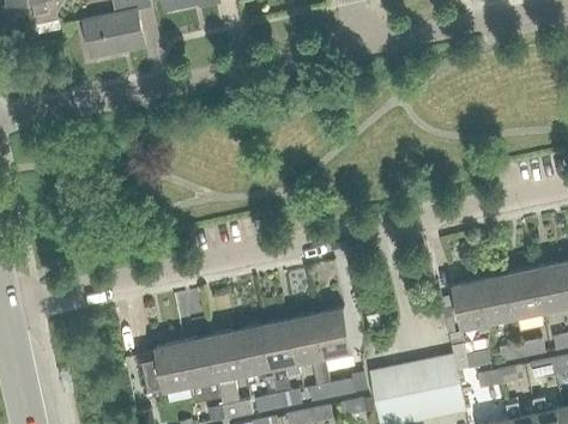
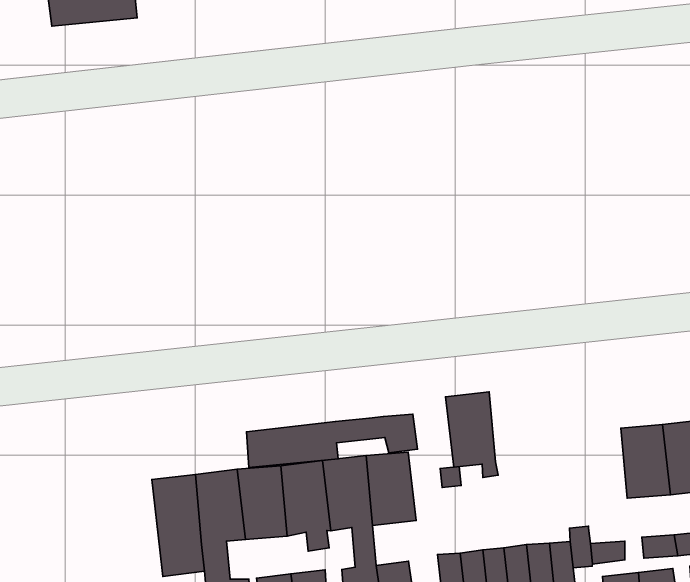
building: [451,279,489,334] -> [446,392,498,477]
building: none -> [247,414,417,468]
building: [137,341,192,394] -> none

